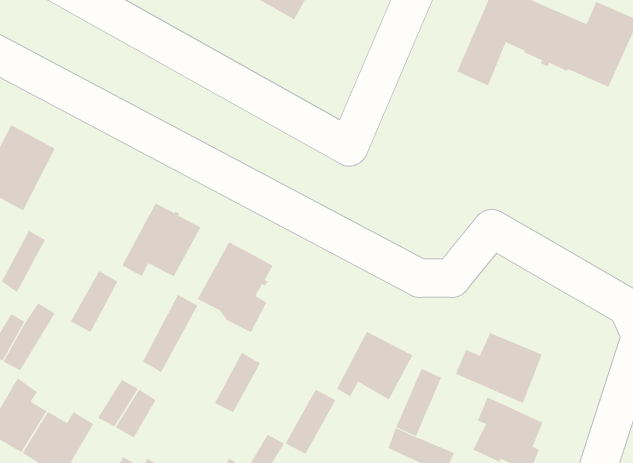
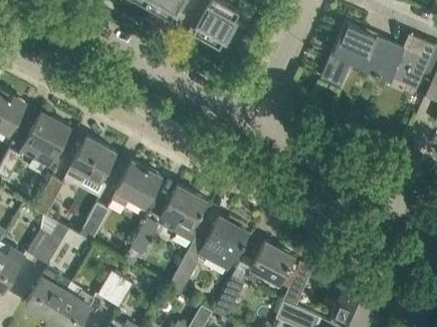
building: none -> [65,136,115,184]
building: none -> [198,216,248,270]
building: [455,332,543,404] -> none

